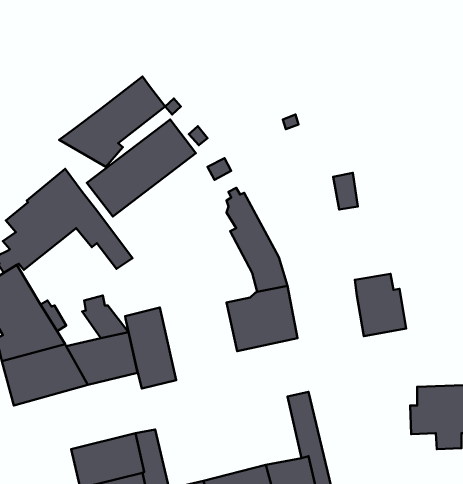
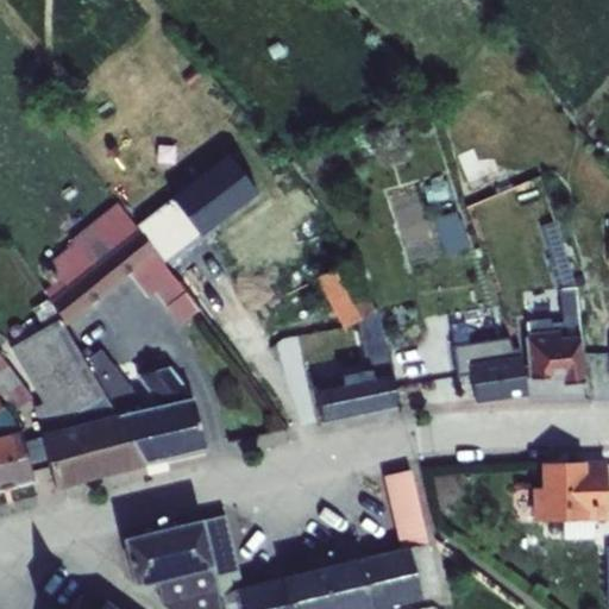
building: [59,77,165,167] -> none
building: none -> [526,288,585,385]
building: [125,308,176,389] -> none

